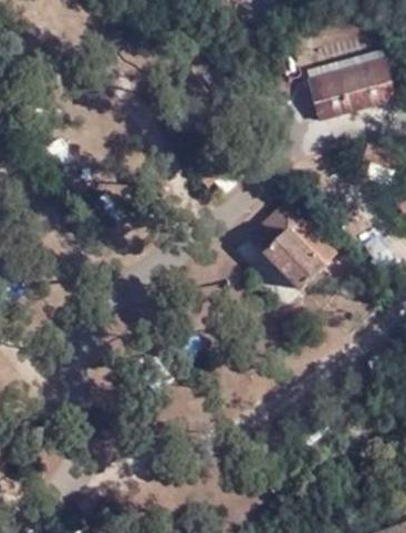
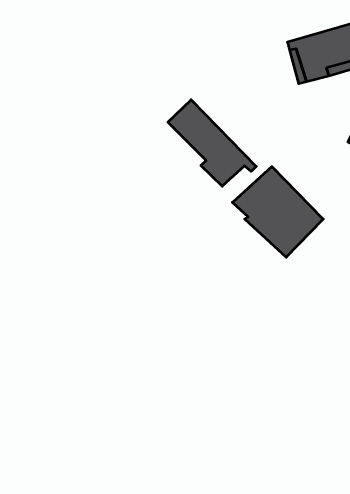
building: none -> [168,100,256,186]

